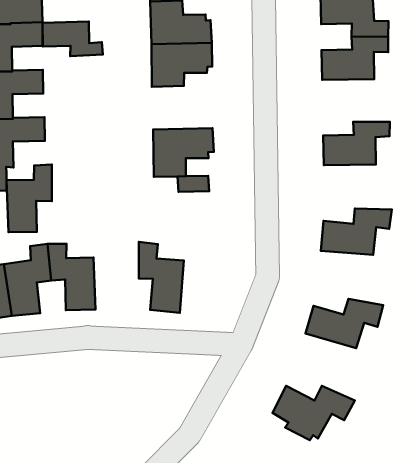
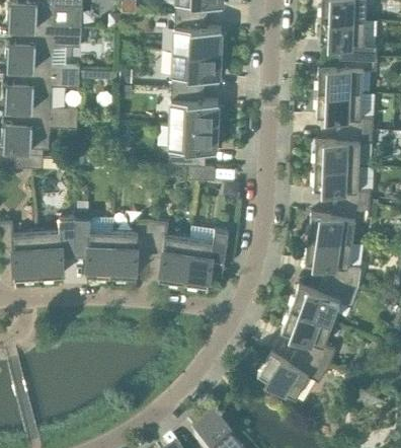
building: [42,21,103,56] -> none
building: none -> [316,90,373,130]
building: none -> [170,87,222,126]
building: [7,164,52,232] -> [111,219,152,276]
building: none -> [313,163,370,205]
building: none -> [183,228,228,285]
building: none -> [304,236,360,286]
building: none -> [280,306,335,366]

